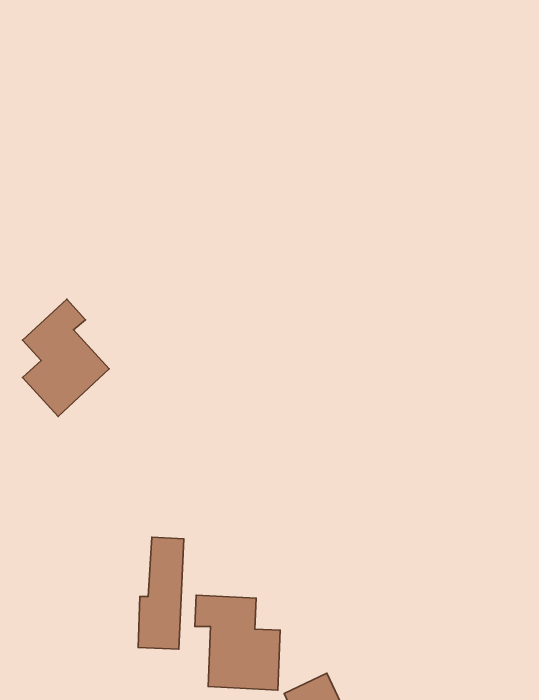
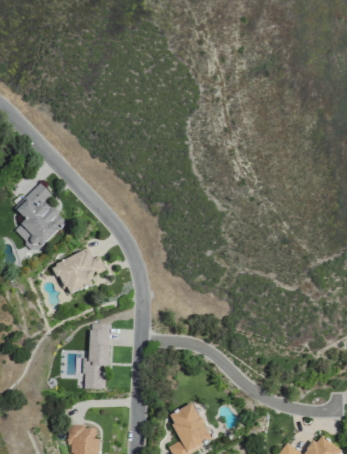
building: none -> [55,249,106,294]
building: [195,595,280,690] -> none

